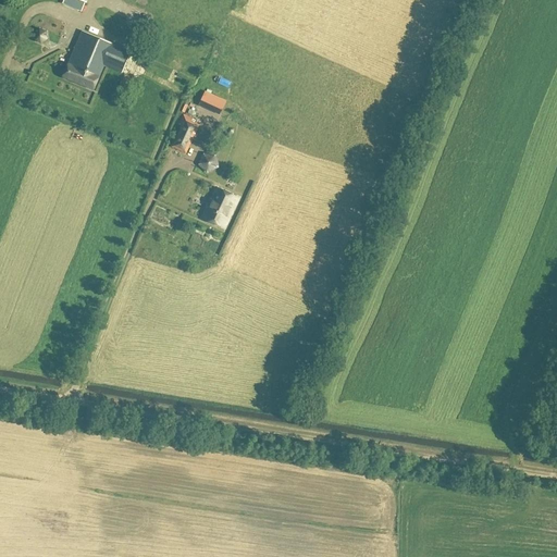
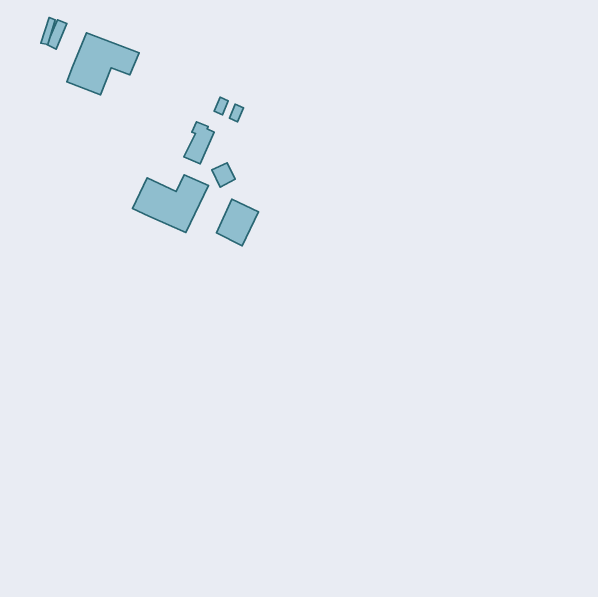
building: none -> [133,175,208,233]

